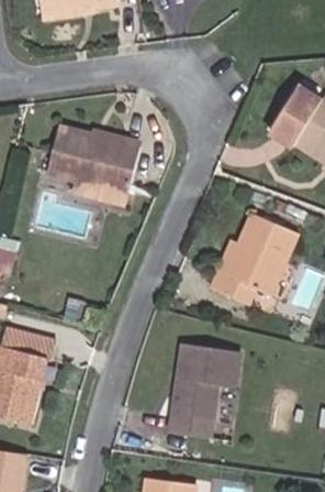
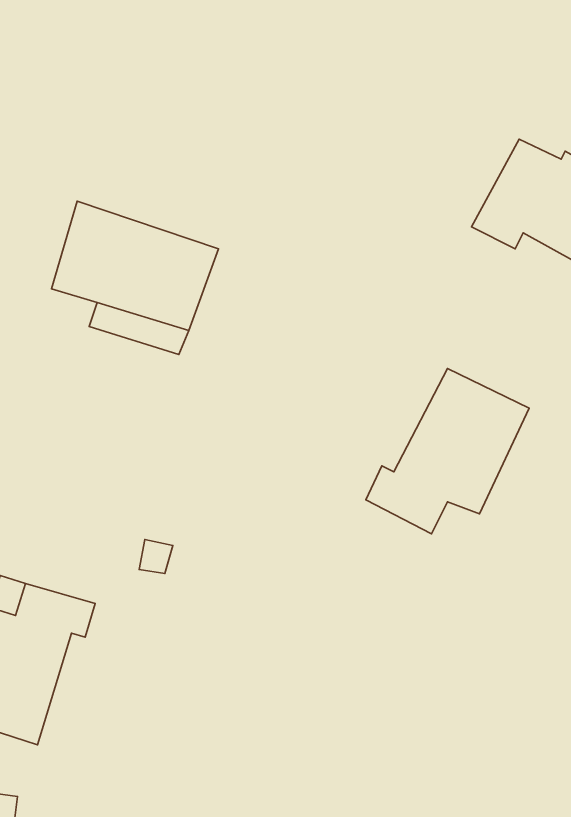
building: [168,339,232,433] -> none

